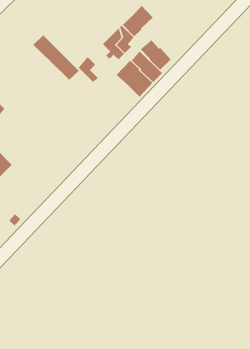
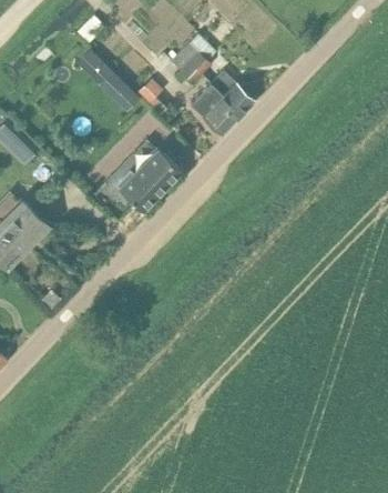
building: [122,5,153,38] -> none
building: [140,39,171,71] -> none
building: none -> [115,147,180,211]

